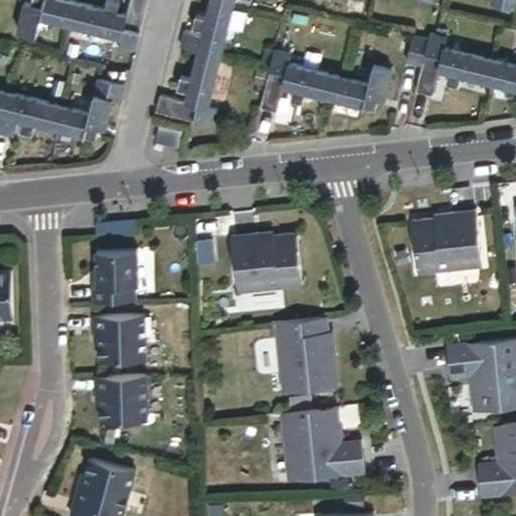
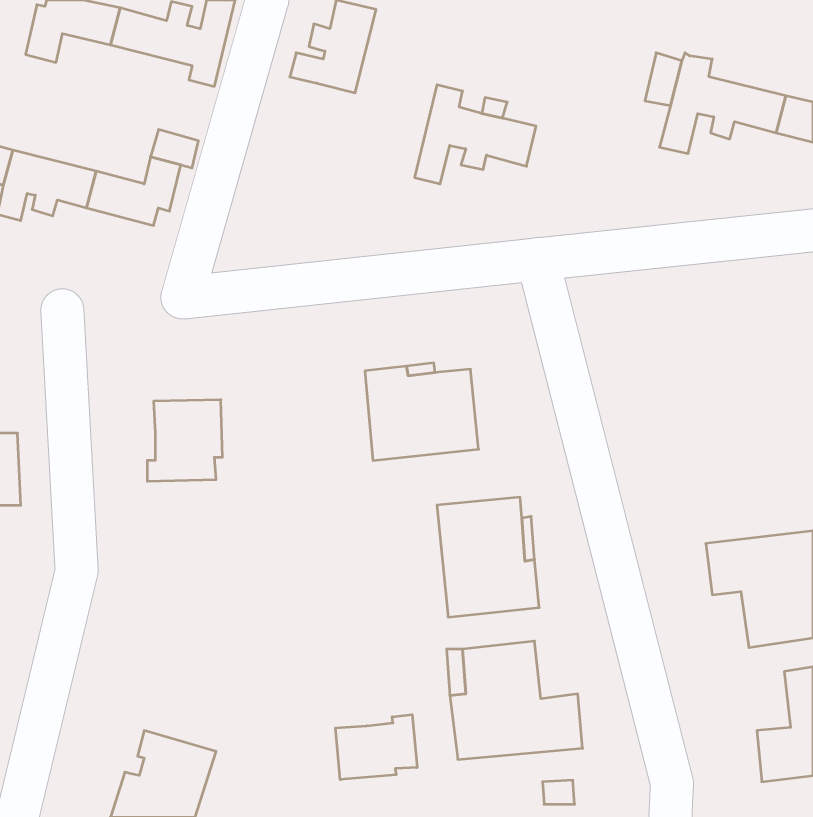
building: [157,52,224,127] -> none
building: [332,70,392,115] -> none
building: [411,208,480,272] -> none
building: [93,316,145,366] -> none
building: [95,377,146,425] -> none
building: none -> [336,715,417,780]

